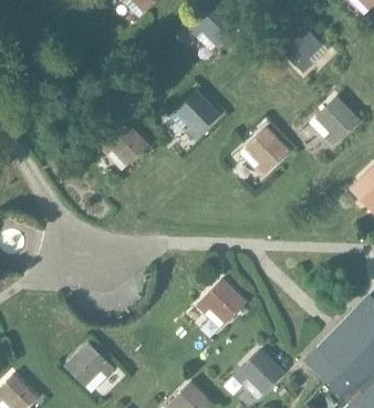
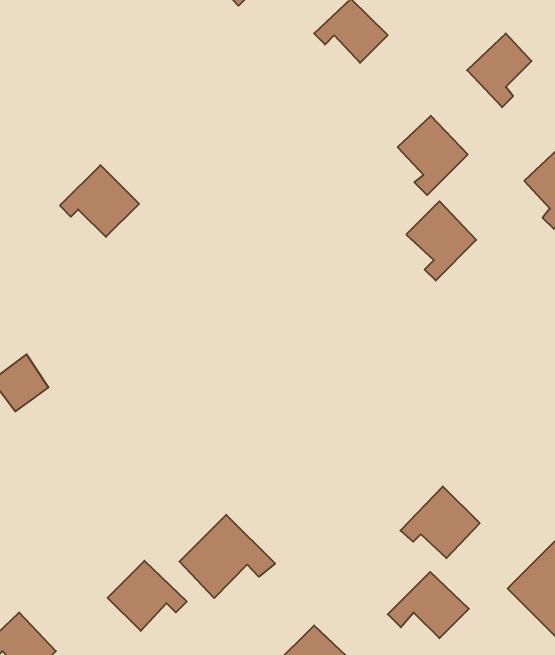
building: [176,92,218,139] -> [398,116,468,195]
building: [101,122,148,165] -> [60,165,139,237]
building: [197,280,245,323] -> [400,486,480,558]
building: none -> [179,515,275,598]

